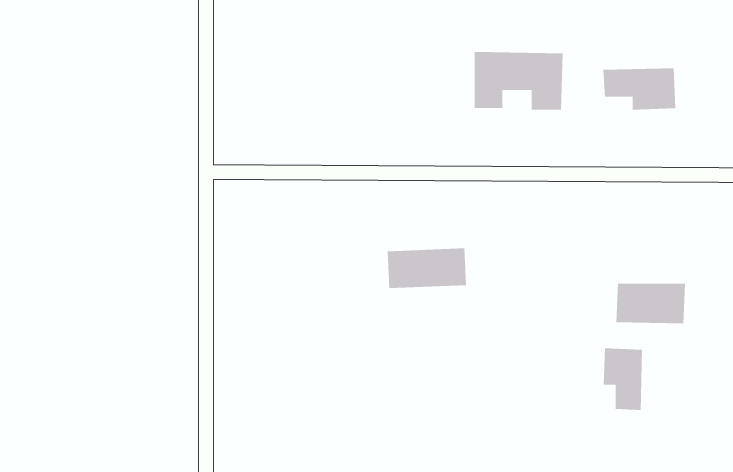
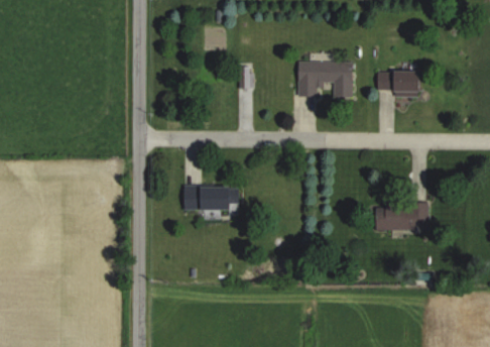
building: [387,248,467,289] -> [183,185,233,210]
building: [603,348,643,411] -> none

